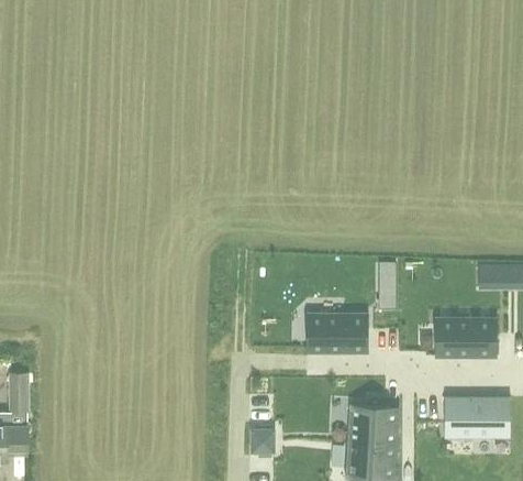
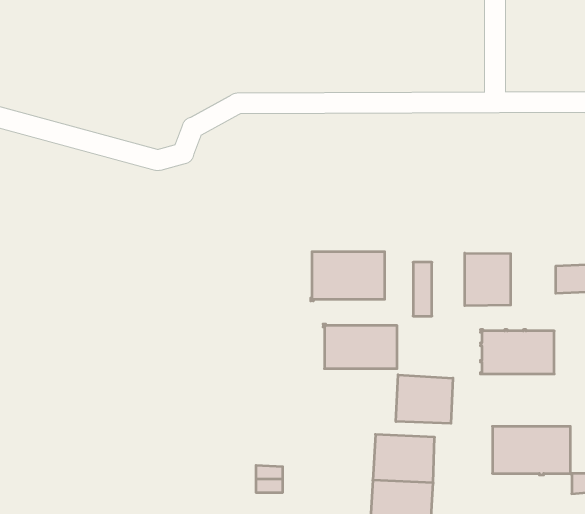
building: none -> [311,252,385,301]
building: none -> [465,253,511,306]
building: none -> [396,375,453,423]

